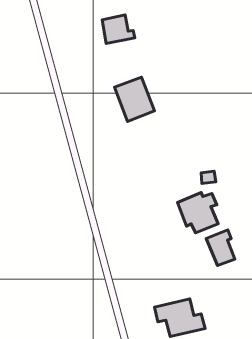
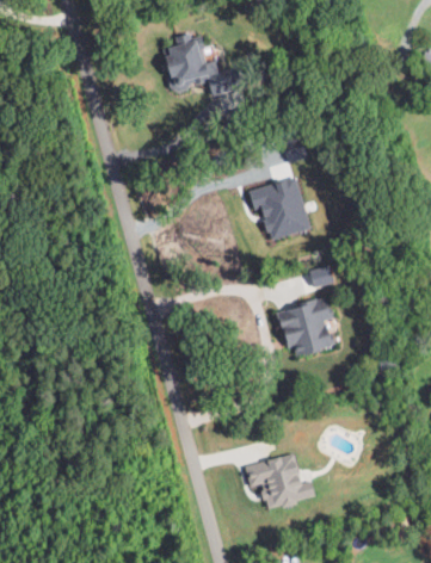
building: [114,77,155,121] -> [250,178,308,242]
building: [206,230,235,265] -> none

